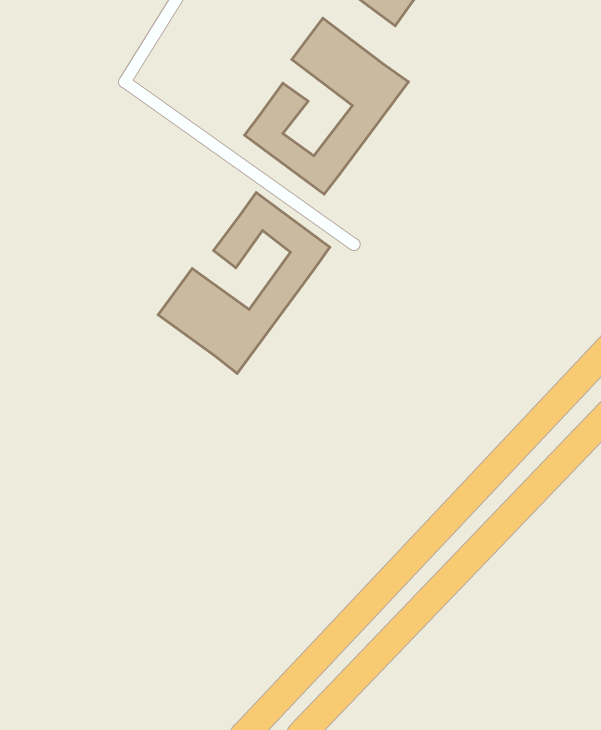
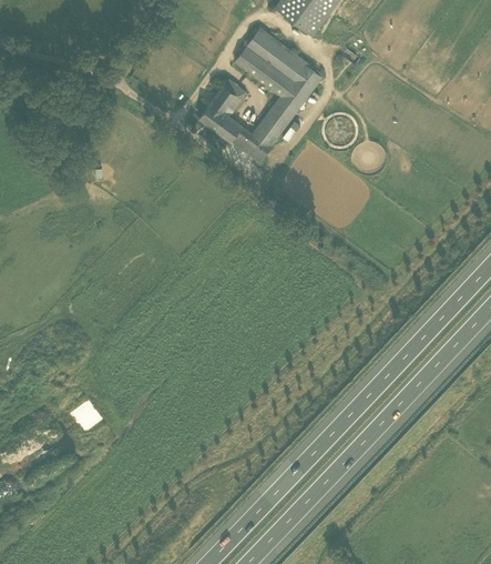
building: [158,193,330,374] -> none

